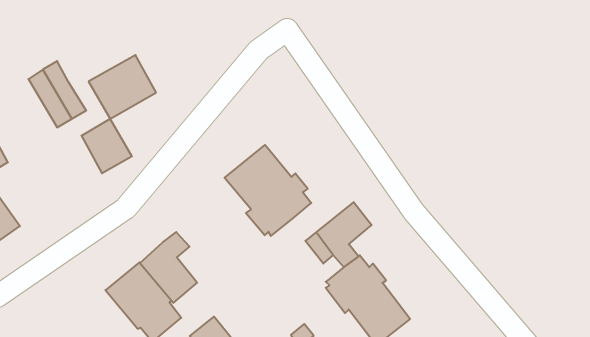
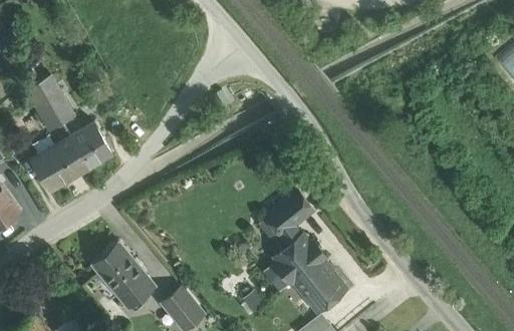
building: [89,55,156,119] -> [32,136,88,190]
building: [225,145,311,236] -> none
building: [140,232,197,303] -> none

